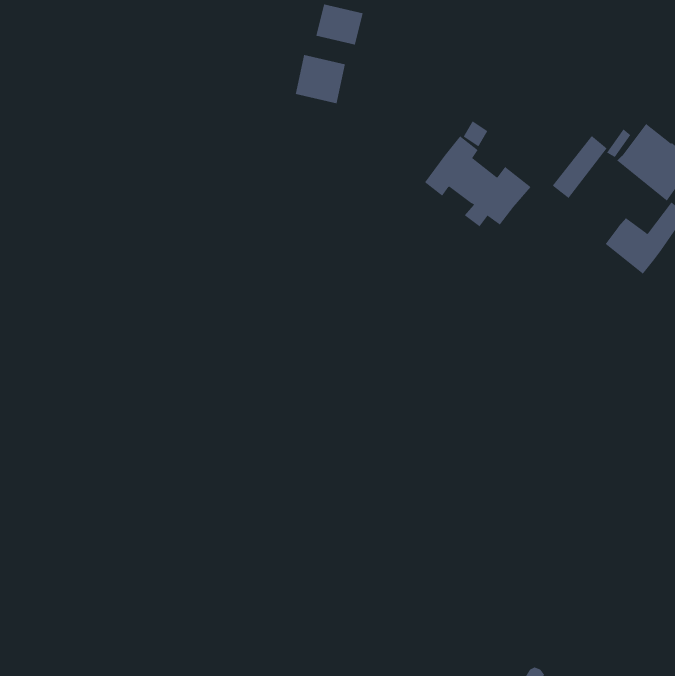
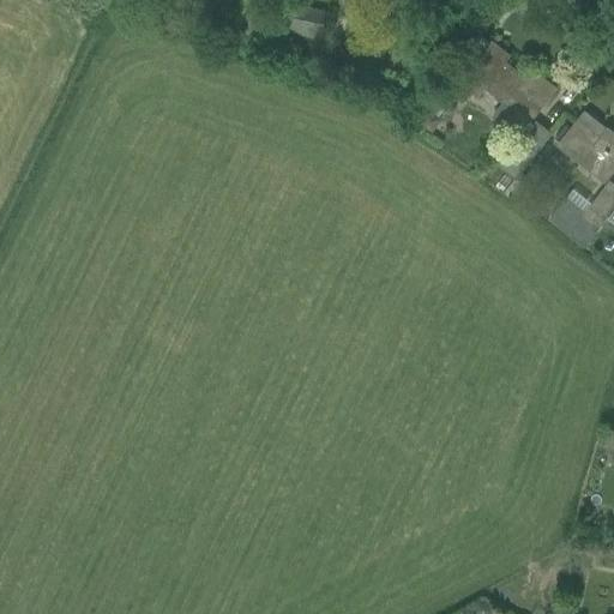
building: [295,54,346,104] -> none
building: [424,136,531,227] -> [462,43,559,126]

